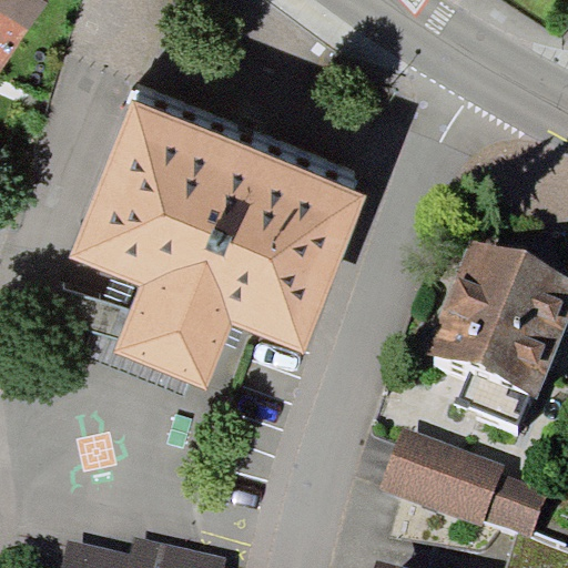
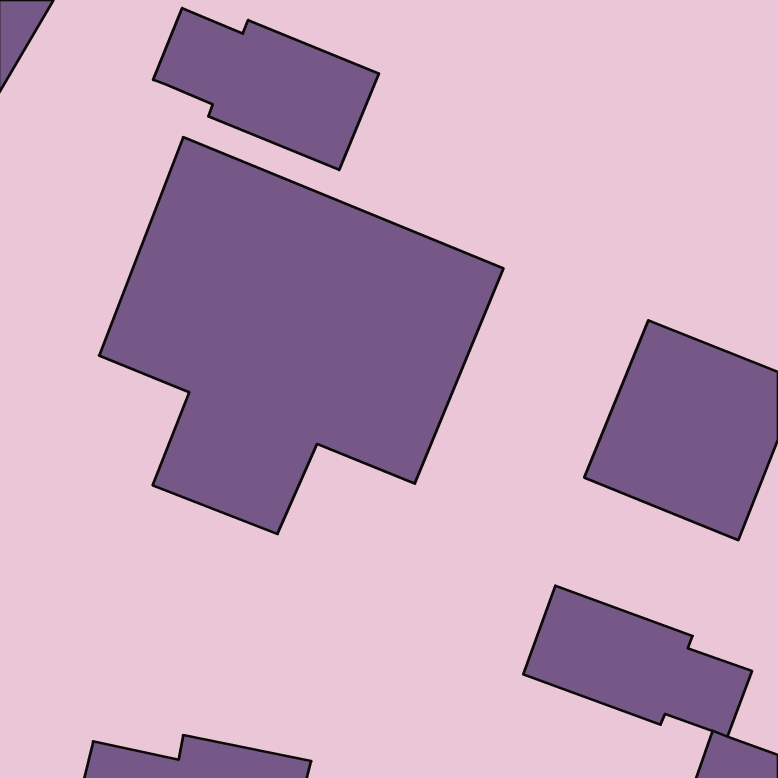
building: none -> [153,8,379,170]

